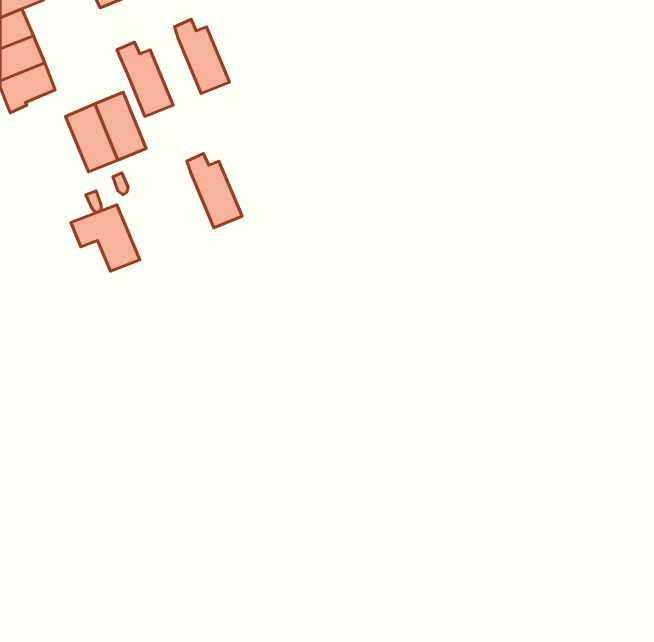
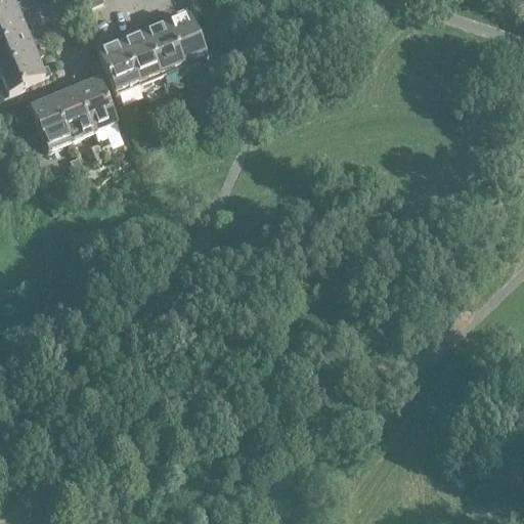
building: none -> [163,6,208,66]
building: [187,154,242,228] -> [118,25,162,84]
building: [71,205,140,271] -> [16,93,72,146]

